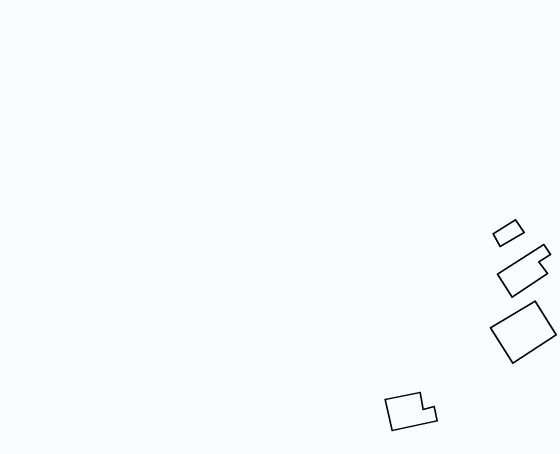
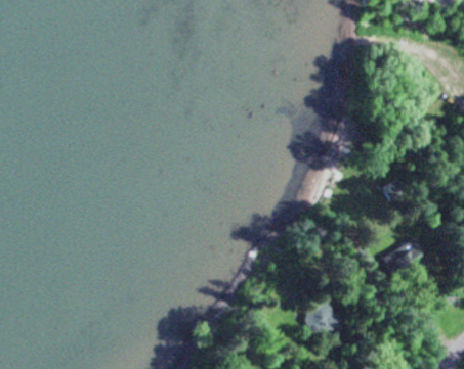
building: [498,244,551,297] -> none

